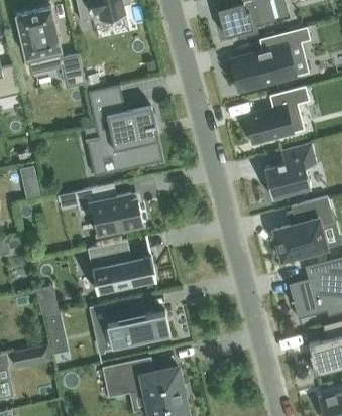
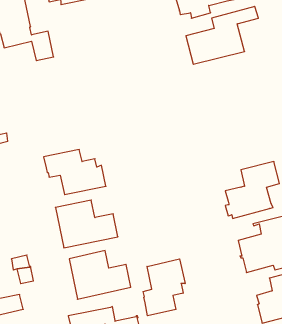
building: [86,86,157,172] -> none
building: [246,88,310,145] -> none
building: [264,144,318,200] -> none
building: none -> [143,259,185,316]

